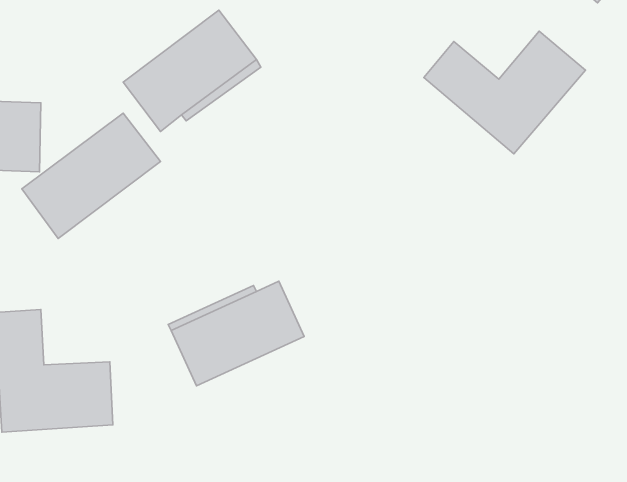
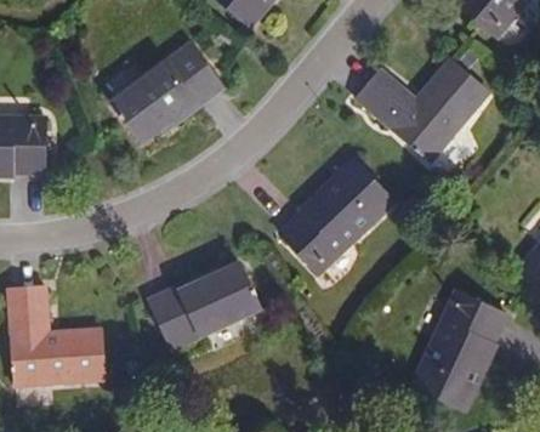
building: [22,113,160,238] -> none
building: none -> [280,160,396,273]
building: none -> [413,290,507,409]

